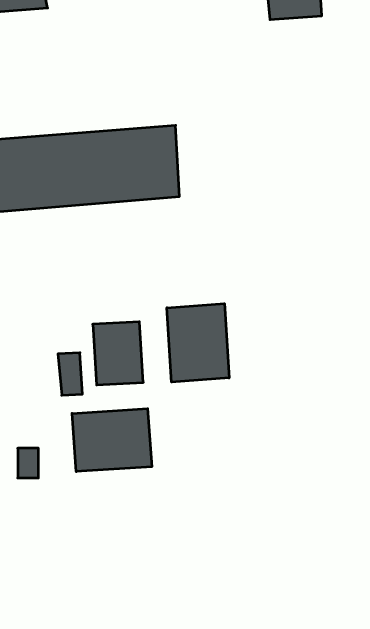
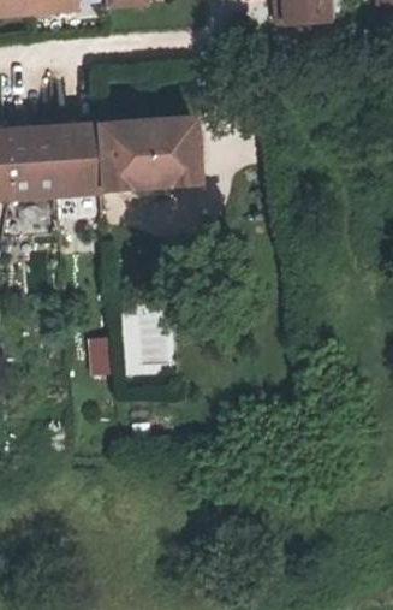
building: [167,304,229,382] -> none
building: [72,409,152,472] -> none

